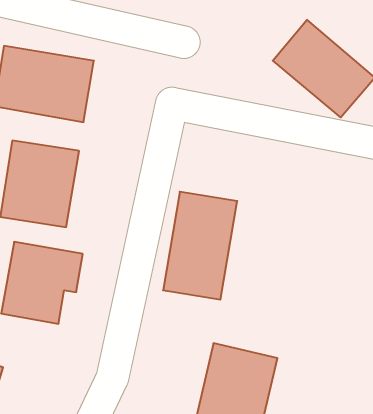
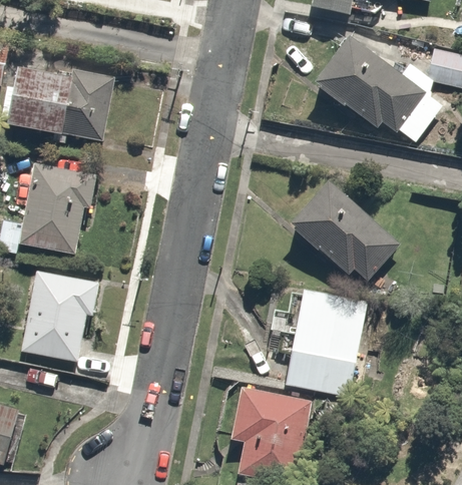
building: none -> [301,183,395,276]
building: [163,192,237,300] -> [286,278,366,394]

